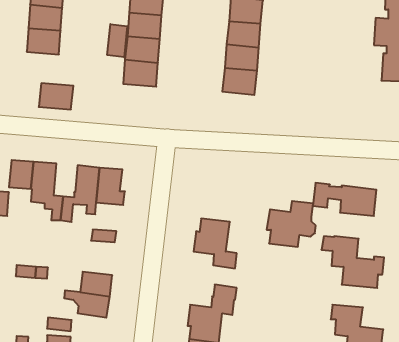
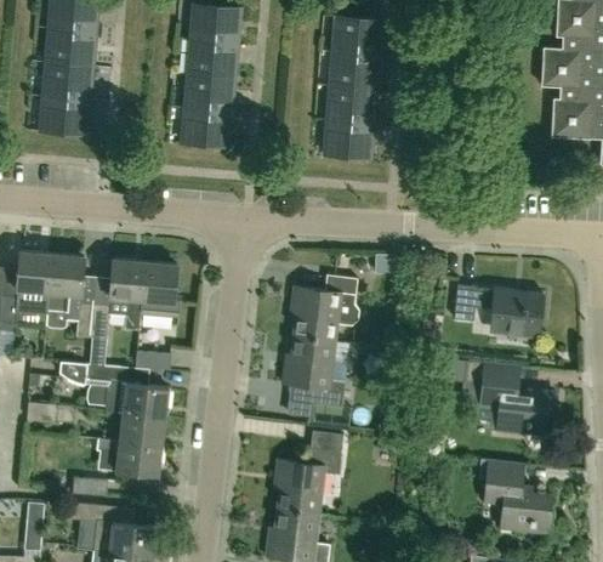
building: [107,24,127,57] -> none
building: [39,83,73,109] -> [39,96,89,134]
building: [267,201,316,247] -> [289,274,359,340]
building: none -> [59,362,171,416]

